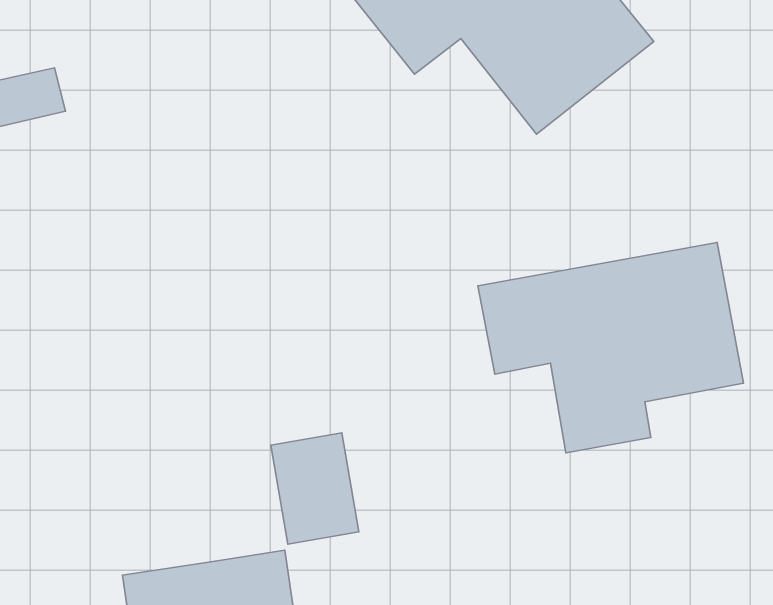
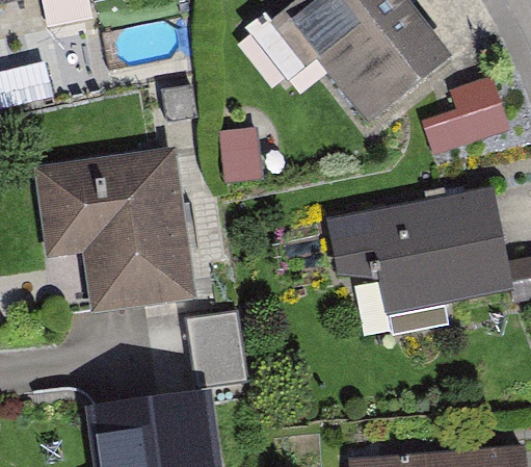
building: none -> [429,81,512,156]
building: none -> [35,148,187,301]

